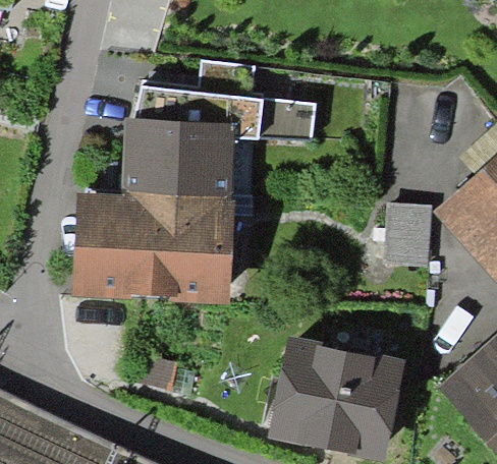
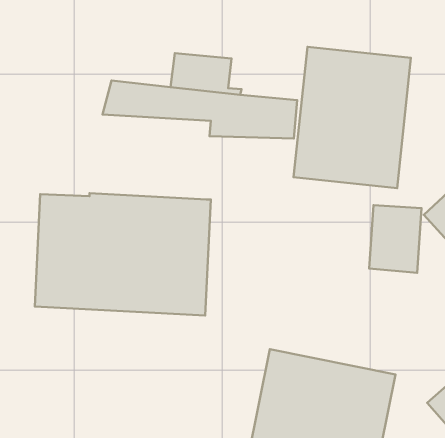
building: none -> [294,47,411,188]
building: [122,118,235,197] -> none

